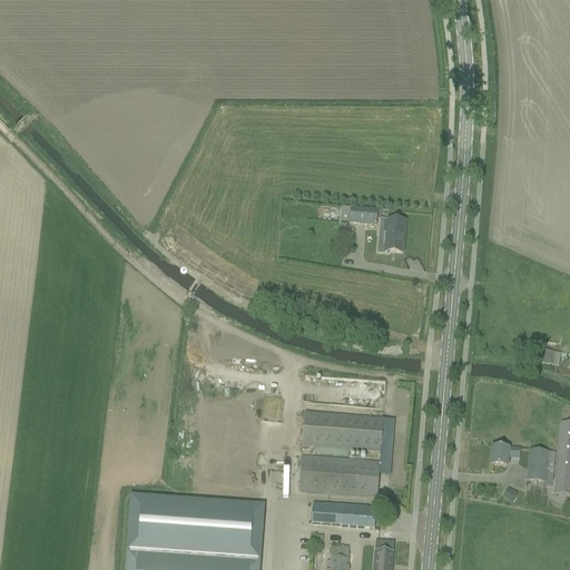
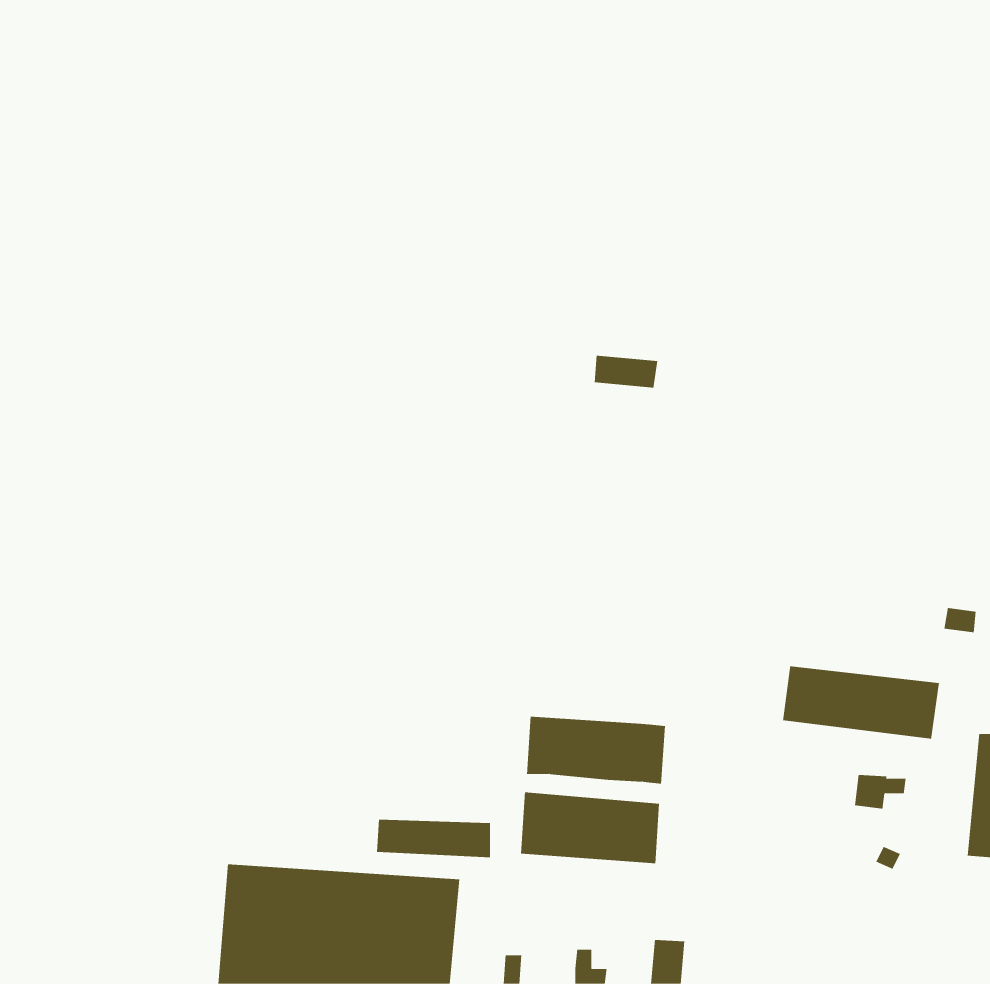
building: [379,216,406,250] -> none
building: none -> [782,665,939,740]
building: [528,449,557,481] -> none
building: [307,502,373,524] -> [376,819,491,858]

